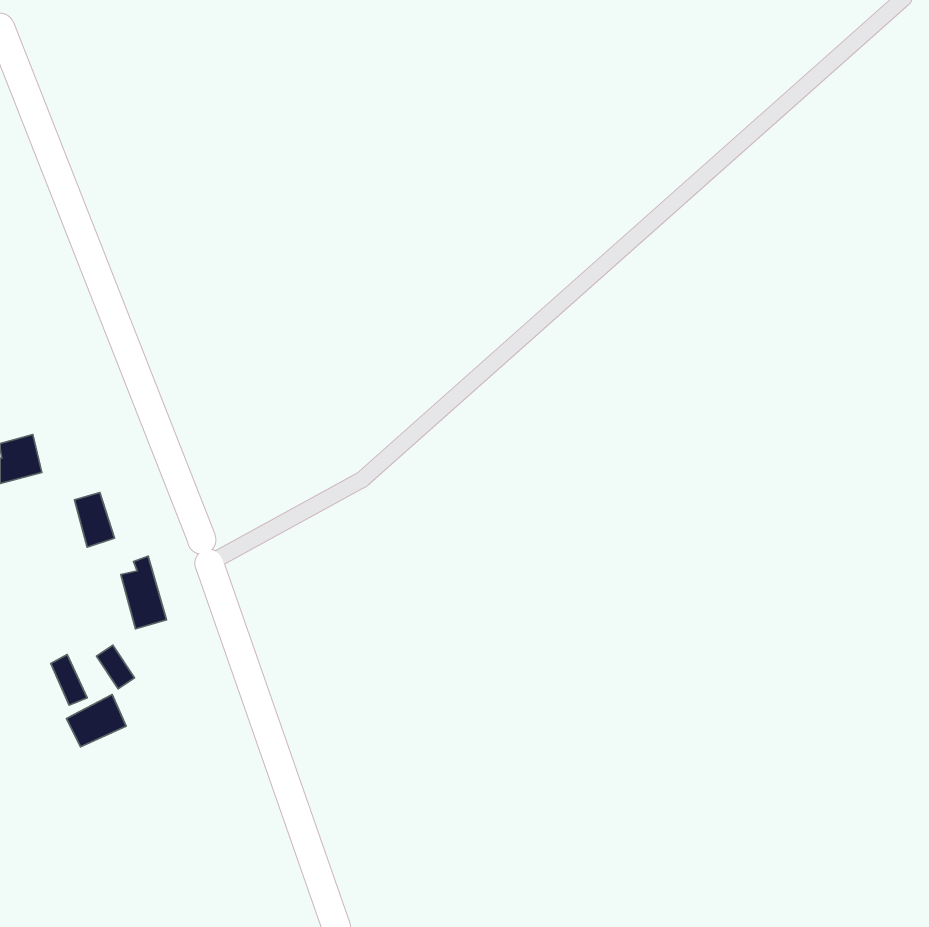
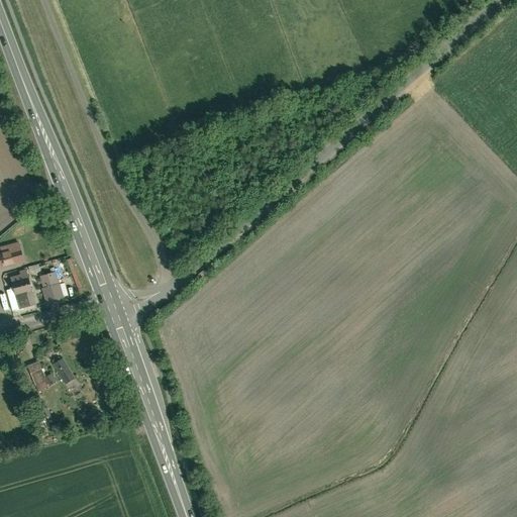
building: [121,556,166,629] -> [11,270,36,310]
building: [67,695,126,747] -> none

